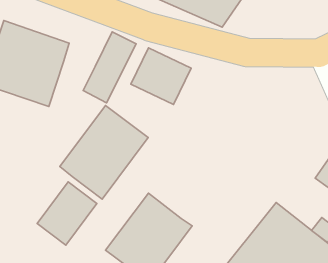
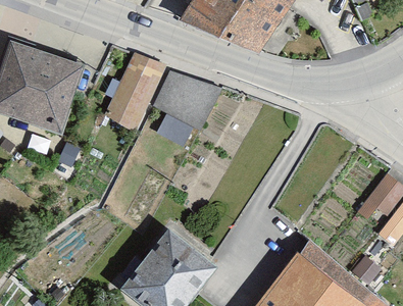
building: [60,105,148,199] -> none
building: [37,182,97,245] -> none

